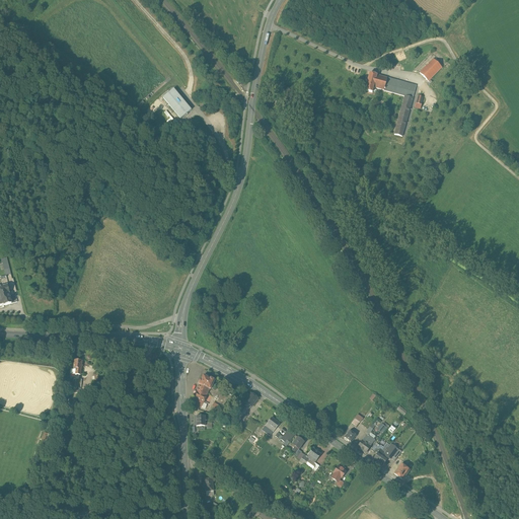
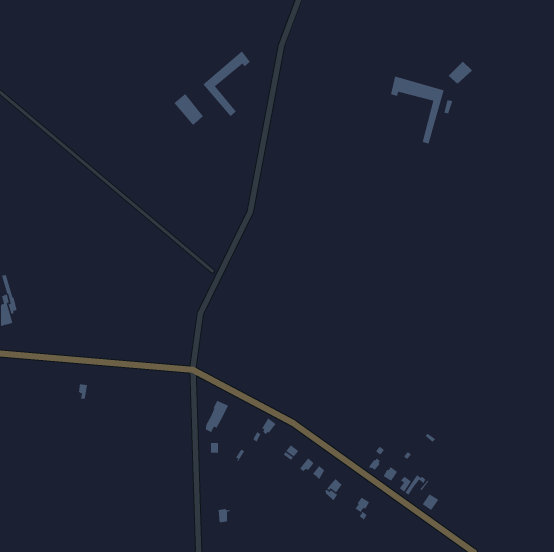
building: none -> [203,50,251,117]

